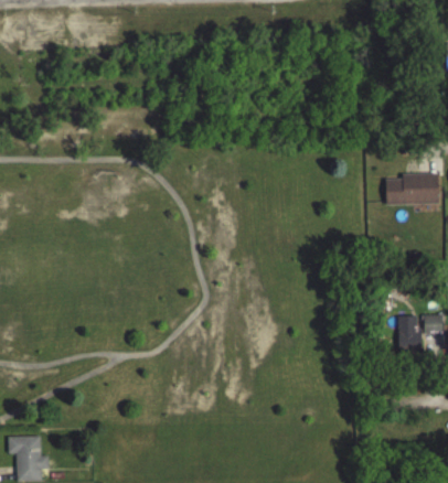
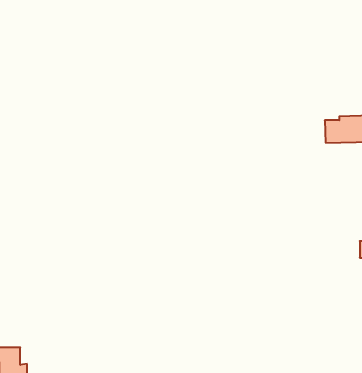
building: [398,315,420,353] -> none

